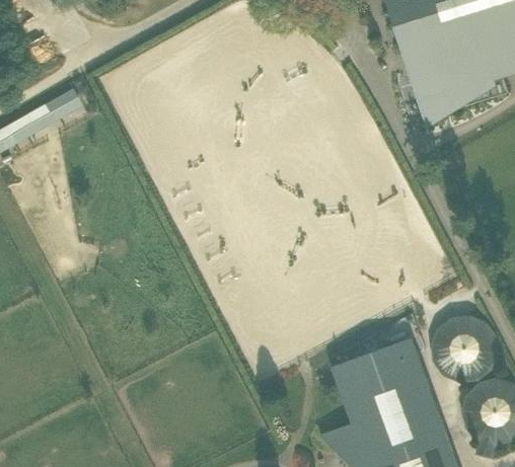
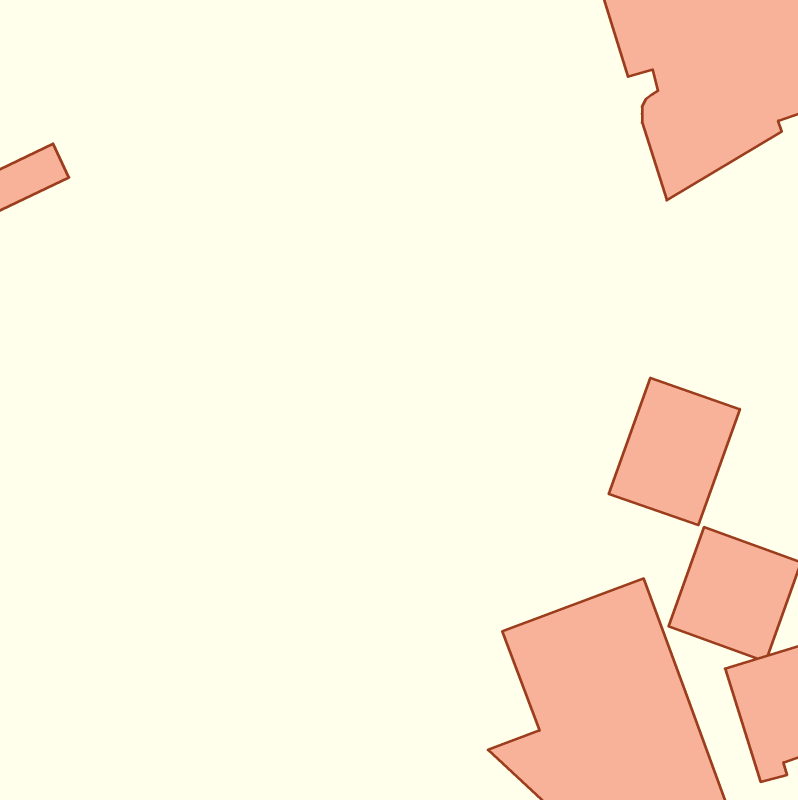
building: none -> [609,378,740,525]

